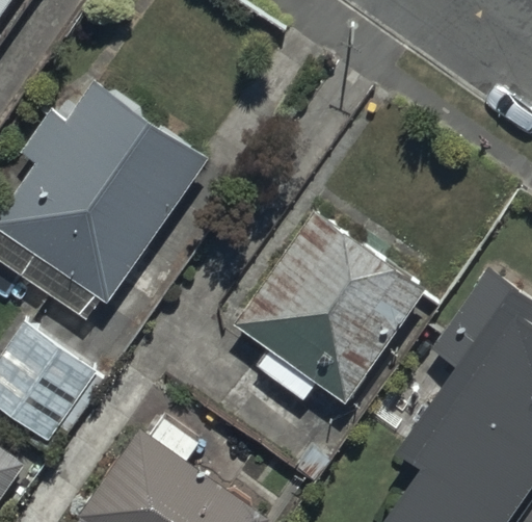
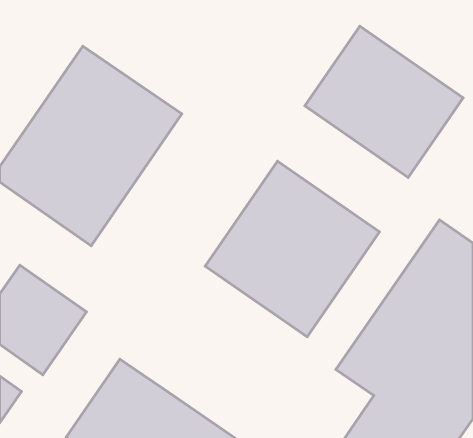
building: none -> [305,26,463,178]

